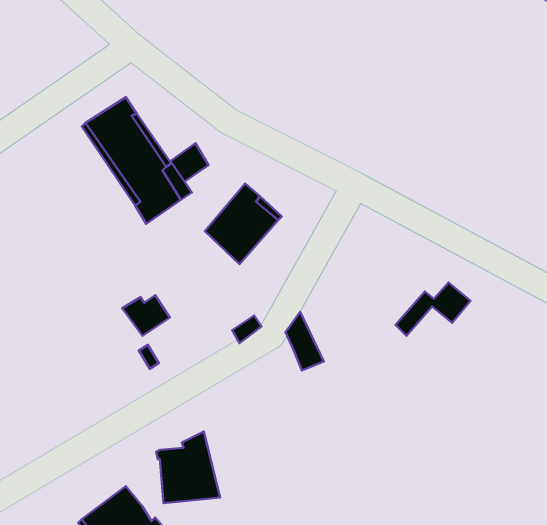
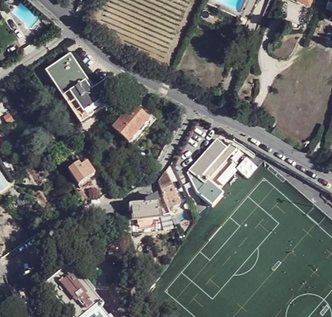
building: none -> [187,137,237,205]
building: [156,431,220,503] -> [130,195,165,234]

